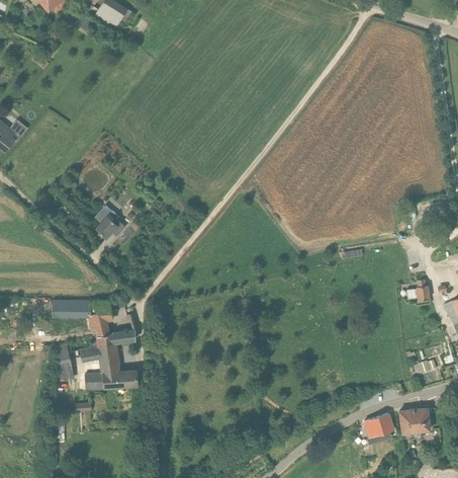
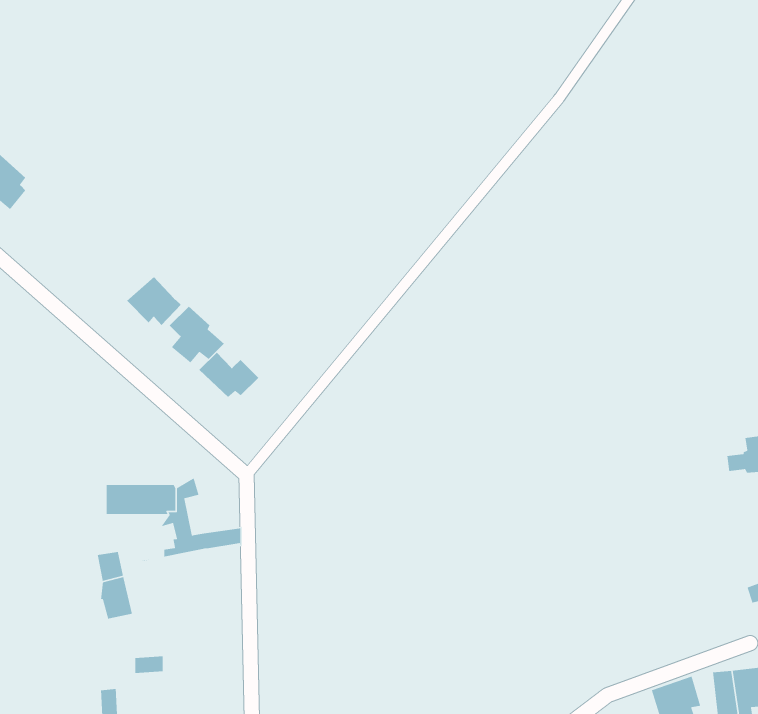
building: none -> [126,276,182,326]
building: none -> [198,352,259,398]
building: [80,341,138,389] -> none

